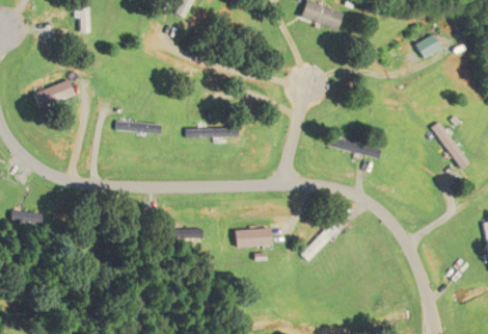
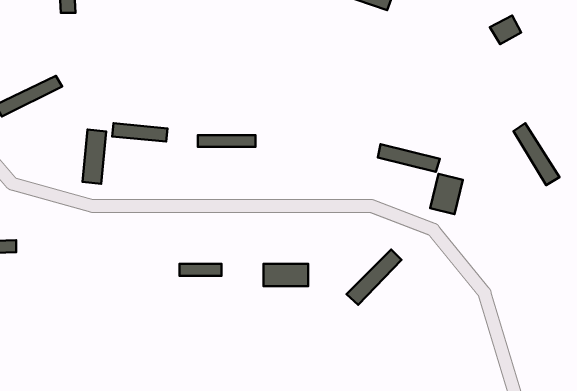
building: none -> [83,130,106,184]
building: none -> [430,174,463,214]

